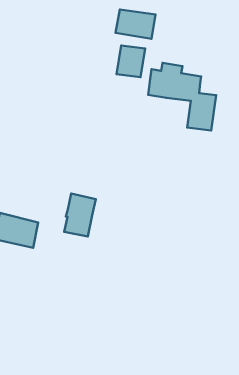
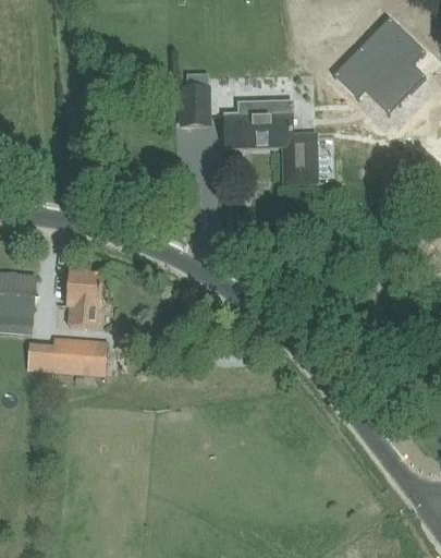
building: [115,9,156,39] -> none
building: [64,194,96,236] -> [66,271,102,325]

